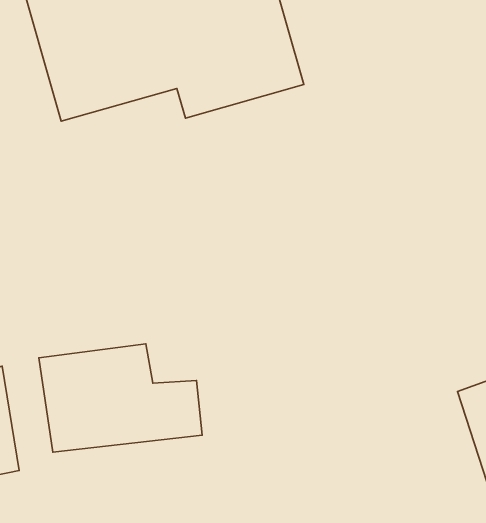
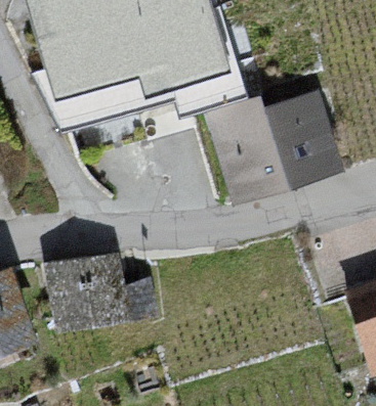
building: none -> [212,91,342,199]

